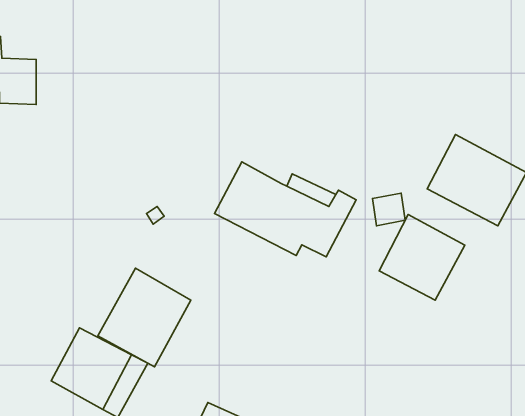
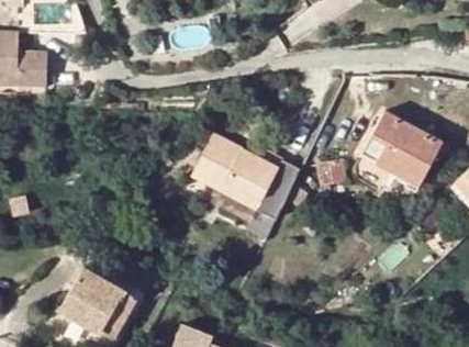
building: [379,214,465,300] -> none
building: [98,268,191,367] -> none

